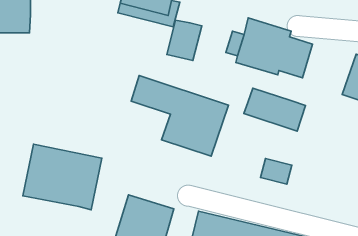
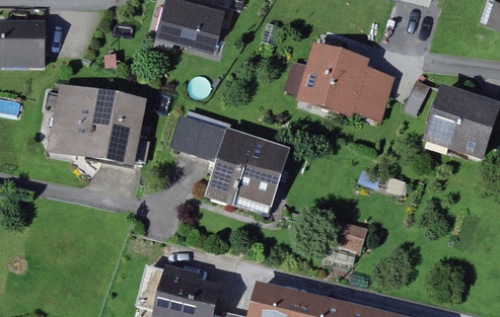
building: [167,20,202,60] -> none
building: [244,88,306,131] -> none
building: [23,144,102,210] -> [49,84,146,165]

